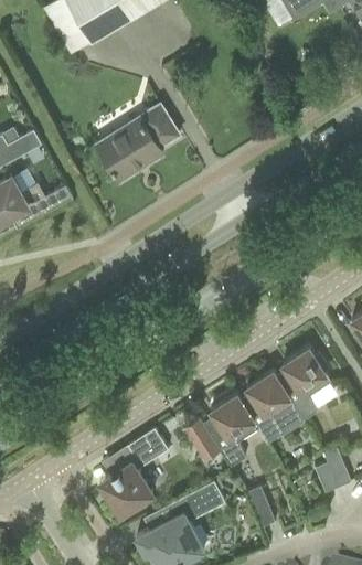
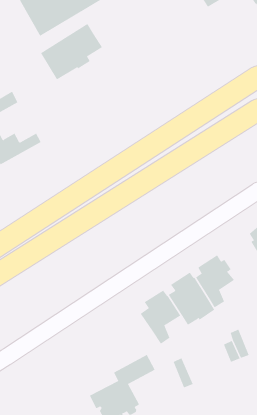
building: [95,103,179,179] -> [40,23,103,80]
building: [182,419,220,462] -> none
building: [104,427,168,514] -> none

